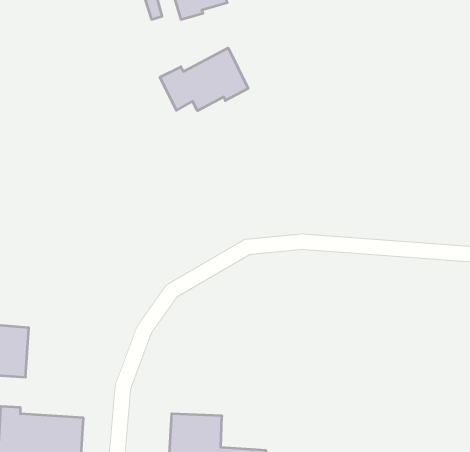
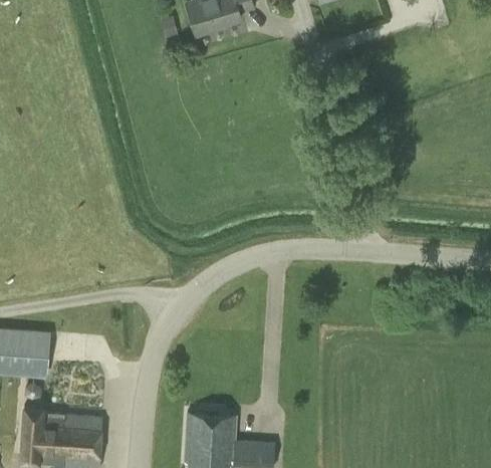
building: [160,48,248,111] -> none

